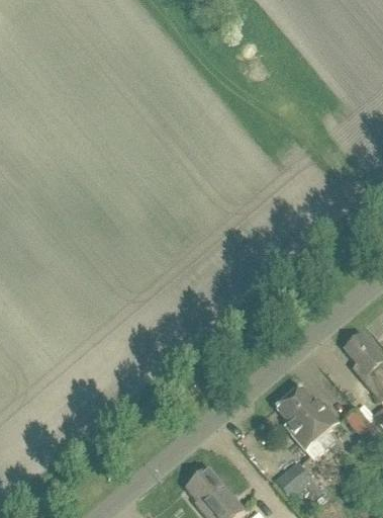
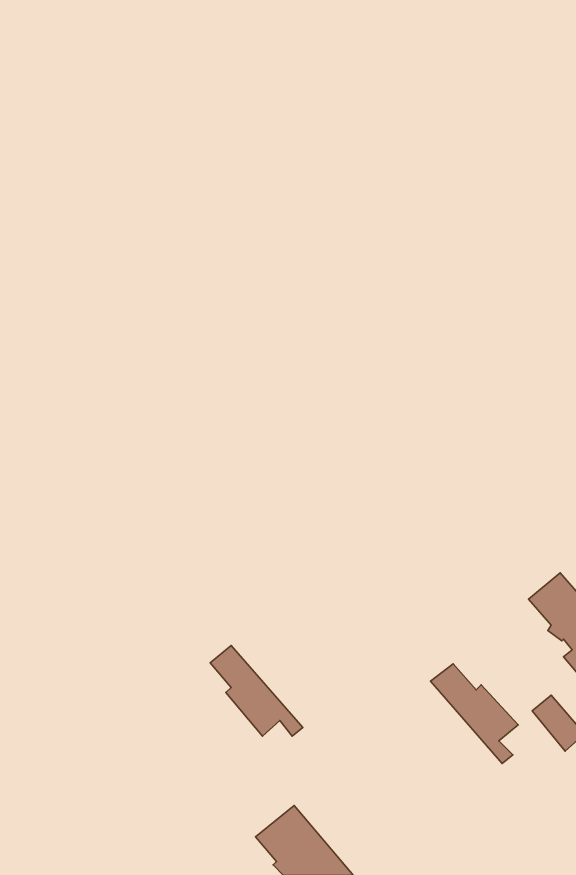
building: [276,397,329,449] -> [210,645,303,736]
building: [273,458,313,499] -> none

